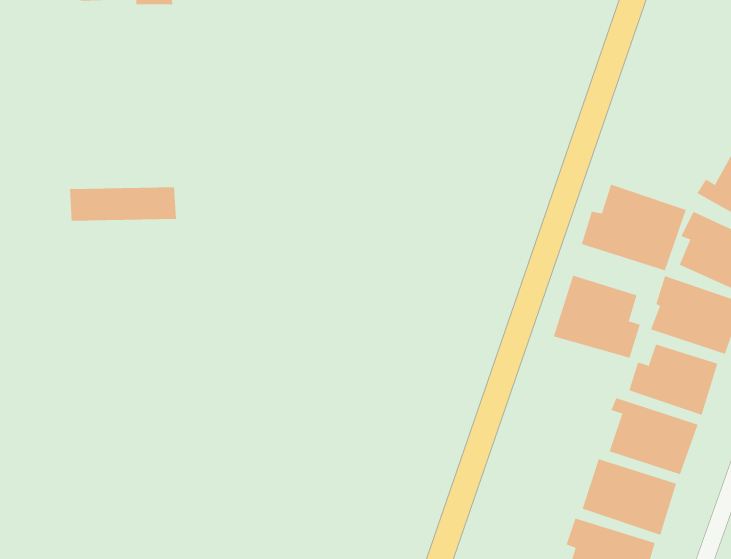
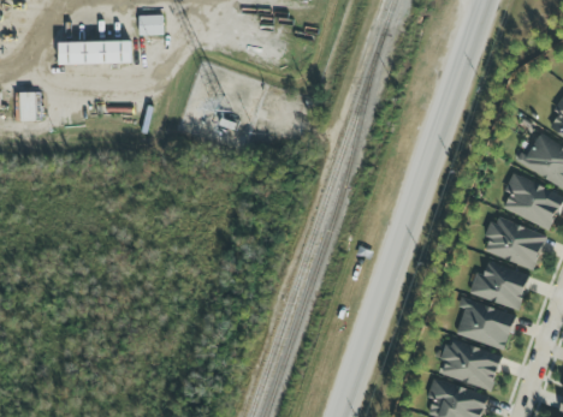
building: [581,184,686,271] -> none
building: [69,187,177,221] -> [59,41,131,64]
building: [553,275,641,358] -> none

